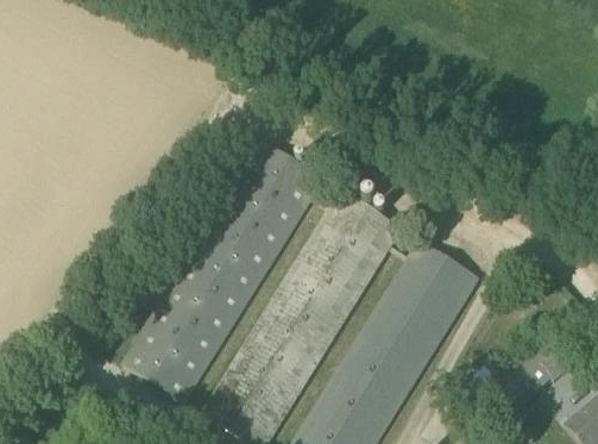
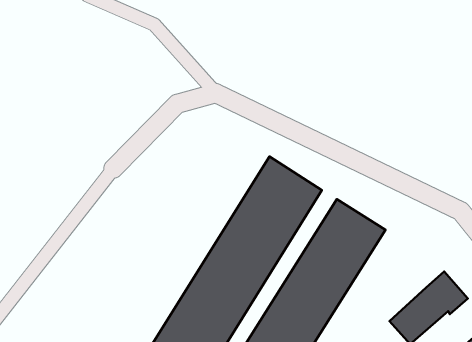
building: [124,142,322,402] -> none

